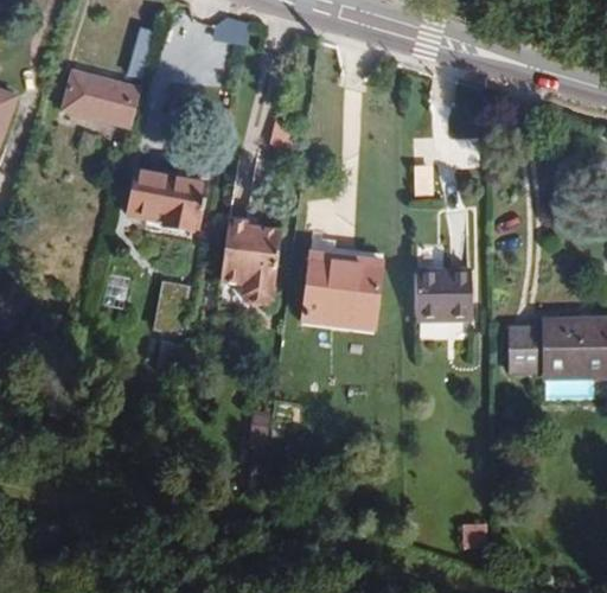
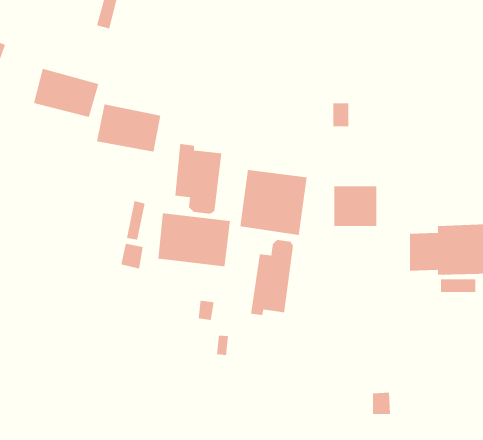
building: [59,69,140,129] -> [33,68,99,118]
building: none -> [158,212,231,267]
building: none -> [251,239,294,316]

